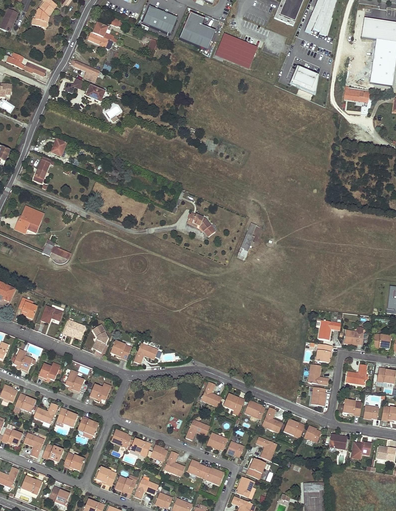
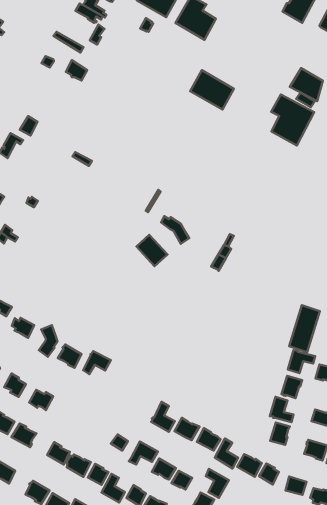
building: [217,35,256,68] -> [190,70,234,110]
building: none -> [271,94,314,146]
building: none -> [137,235,167,266]
building: none -> [289,305,320,352]

